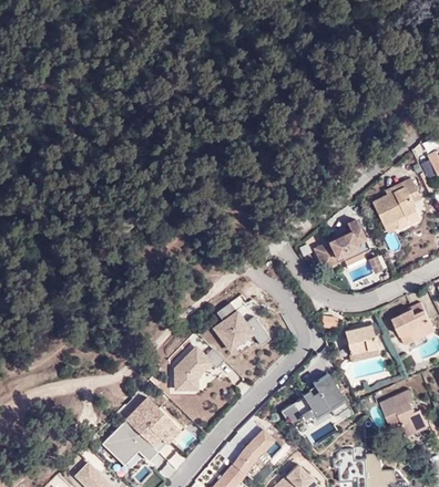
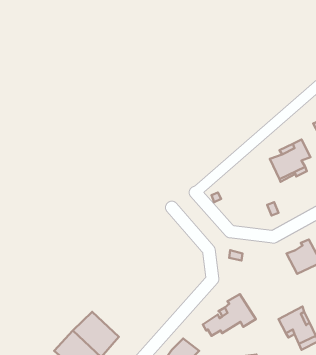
building: [314,220,367,269] -> none
building: [212,309,254,351] -> none
building: [345,328,376,362] -> none
building: [171,343,215,390] -> none

